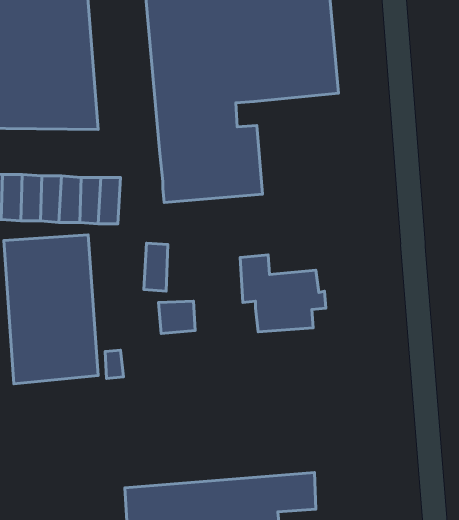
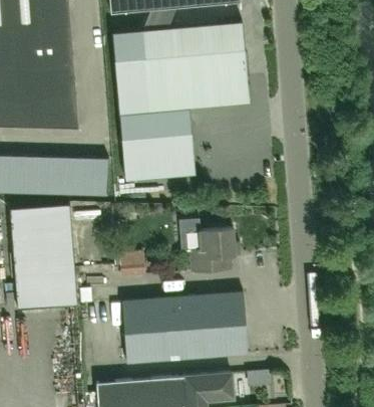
building: [144,243,168,291] -> [91,162,108,196]
building: none -> [121,292,248,363]

